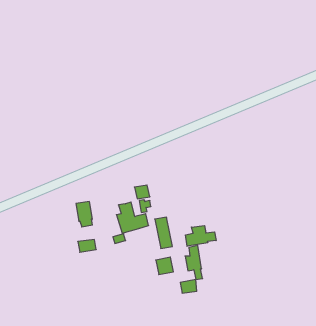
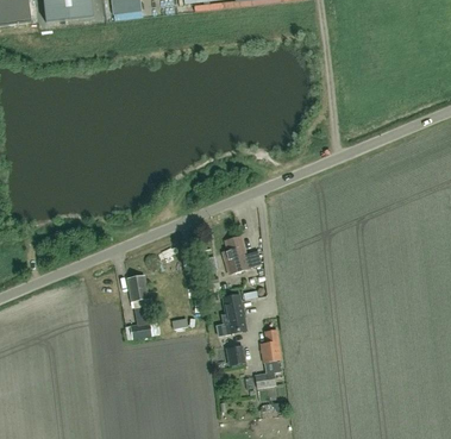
building: [116,202,149,233] -> [223,234,262,272]
building: [186,226,216,246] -> none

